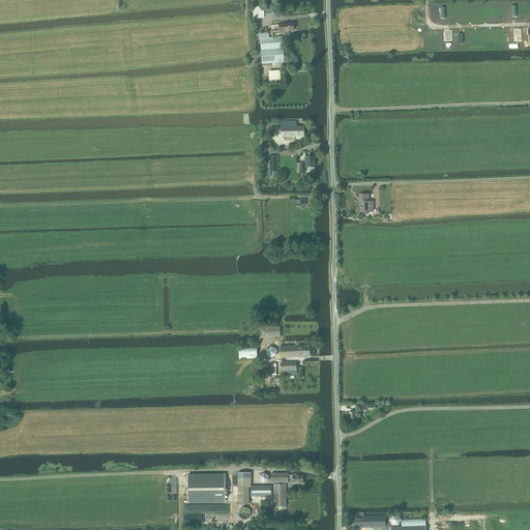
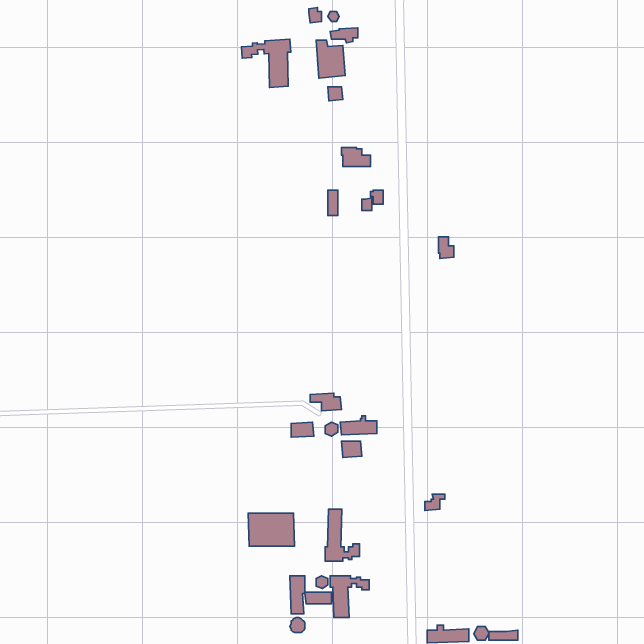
building: none -> [242,39,291,88]
building: none -> [325,509,359,561]
building: [187,475,226,502] -> [248,513,295,546]

